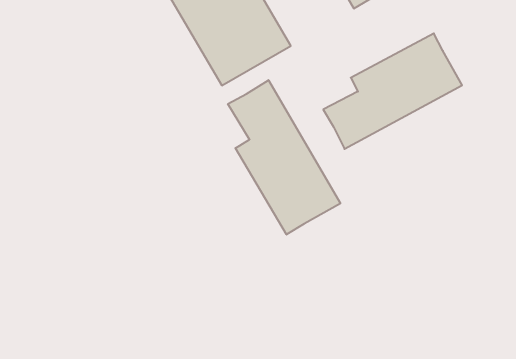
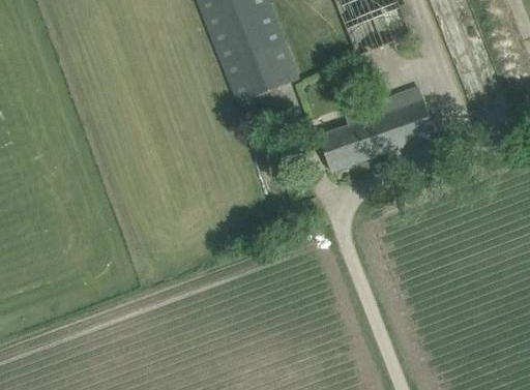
building: [228,80,340,235] -> none

